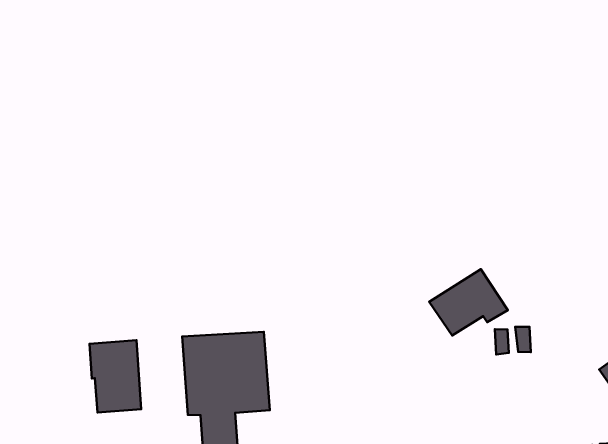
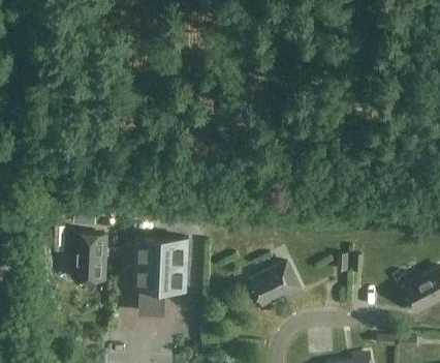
building: [429,269,508,336] -> [251,262,302,303]

